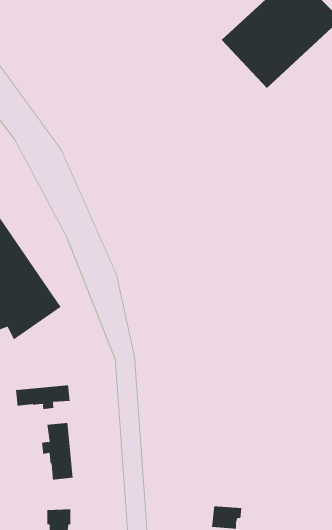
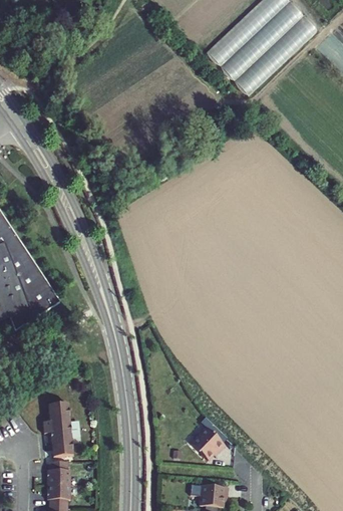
building: [15,385,70,410] -> none
building: none -> [192,427,227,460]
building: none -> [46,465,69,489]

